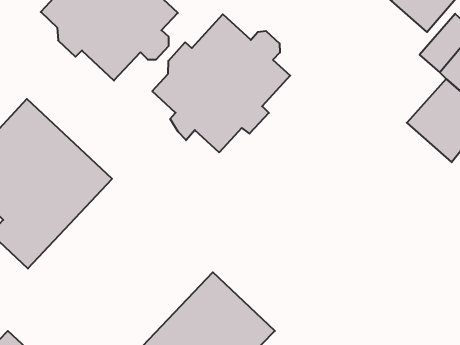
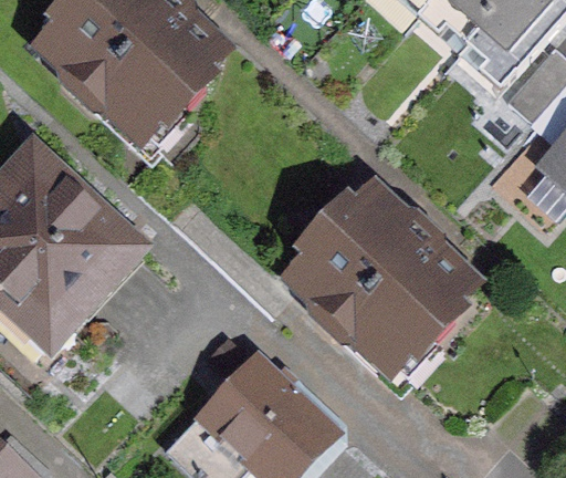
building: [152,14,290,152] -> none
building: none -> [300,196,465,361]

